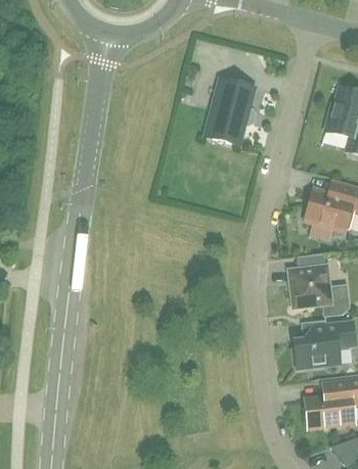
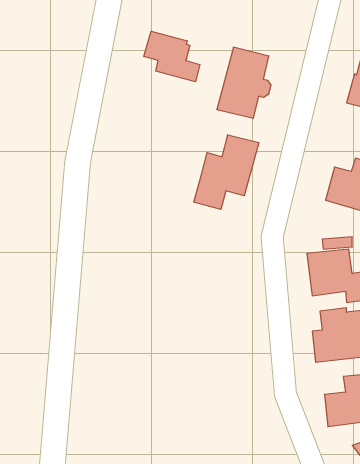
building: none -> [144,31,200,82]
building: none -> [194,135,259,209]

